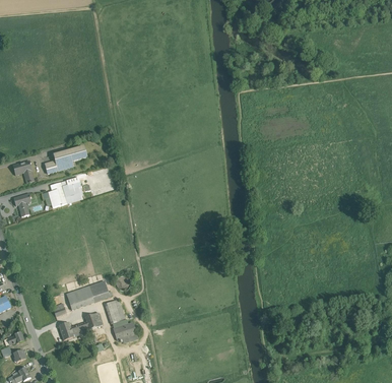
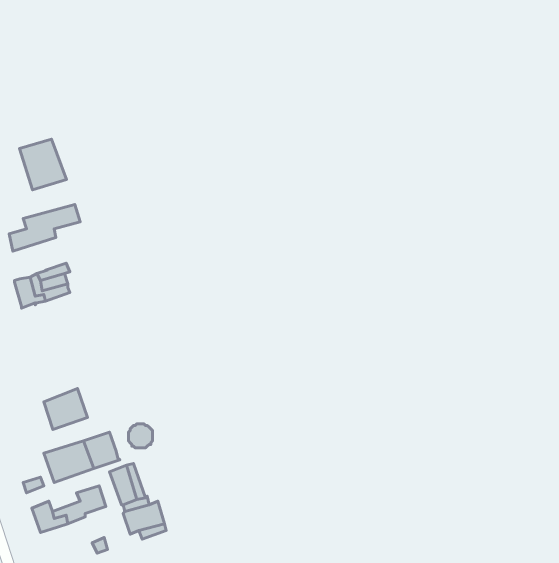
building: none -> [19,139,66,190]
building: none -> [44,388,87,430]

